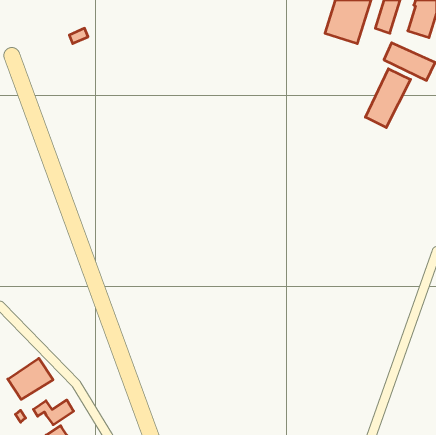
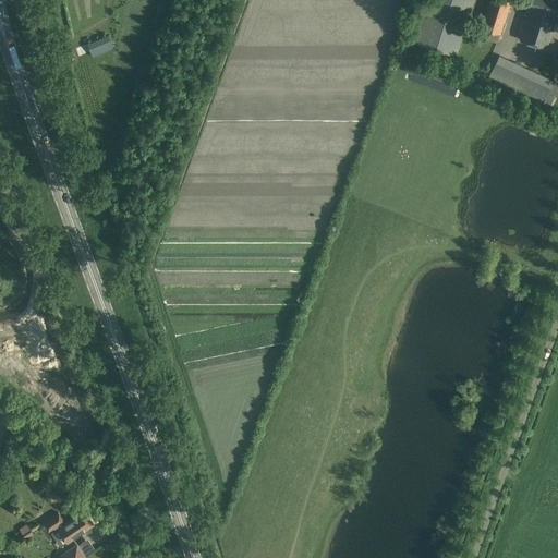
building: [365,69,411,128] -> none
building: [8,358,53,399] -> none

